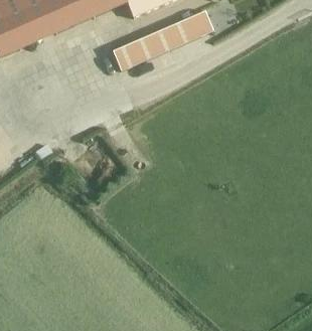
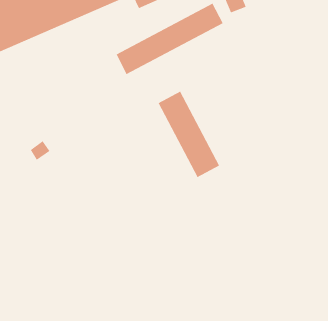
building: none -> [157,91,220,178]

